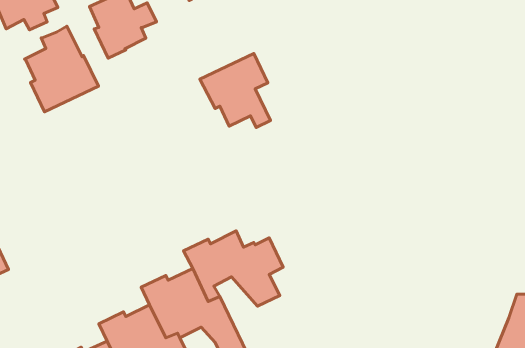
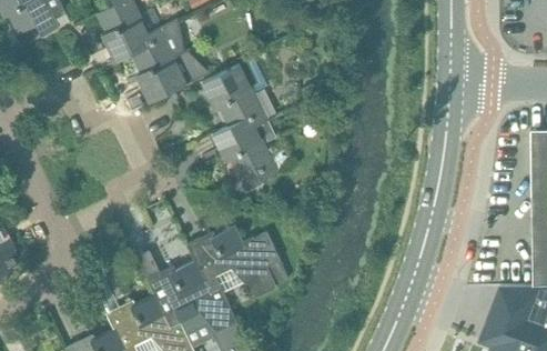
building: [25,26,99,112] -> [130,23,200,104]
building: none -> [212,118,277,190]

